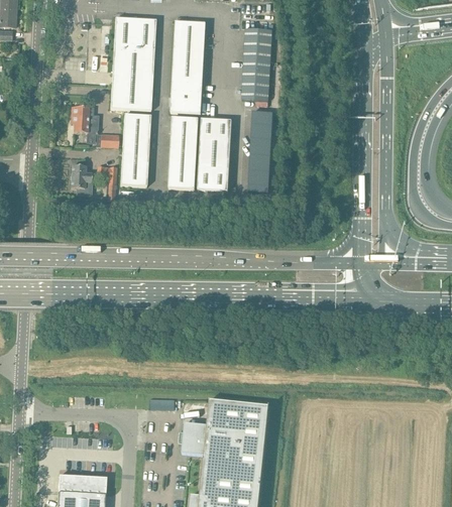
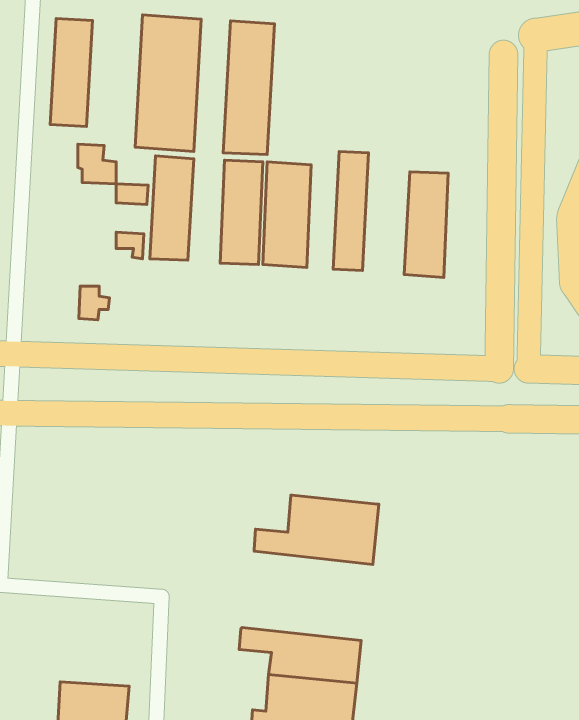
building: none -> [50,18,93,127]
building: [241,28,271,101] -> [404,172,448,277]
building: [71,165,92,188] -> [79,286,110,320]
building: [184,399,269,447] -> [254,495,379,564]

